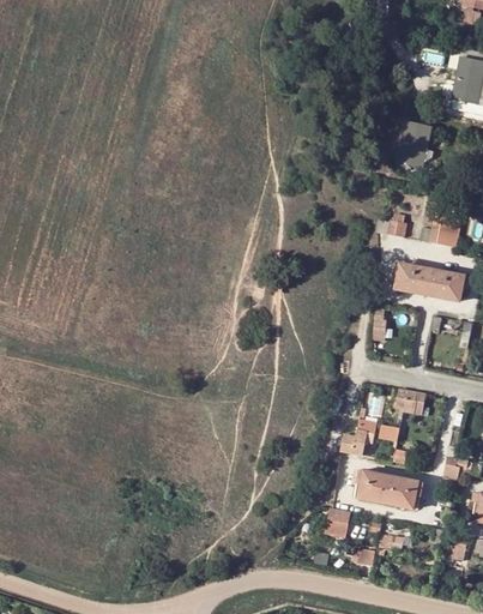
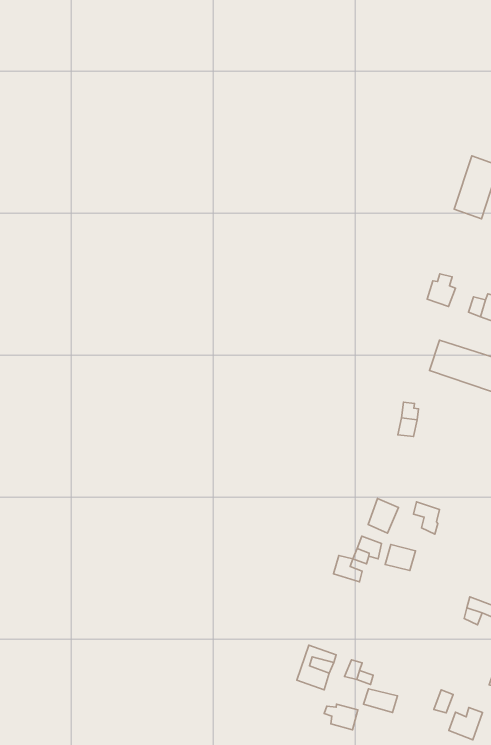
building: [352,468,422,510] -> none

